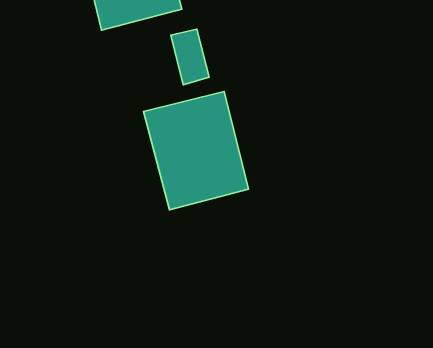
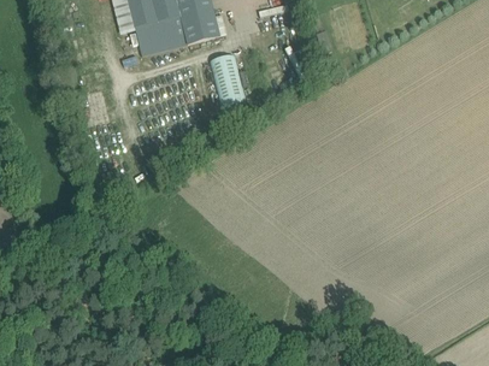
building: [143,92,249,210] -> none

